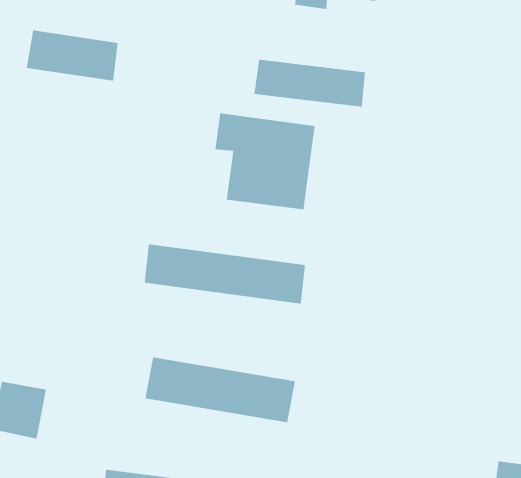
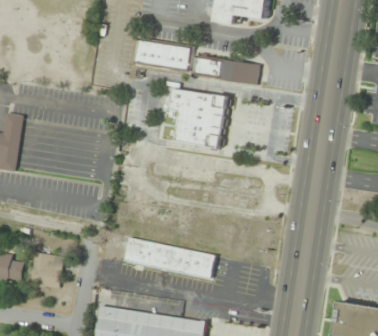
building: [26,29,119,82] -> [134,40,191,72]
building: [144,243,306,304] -> none

